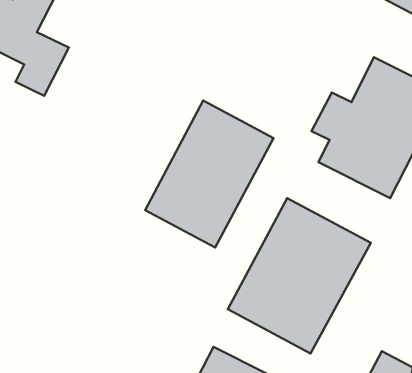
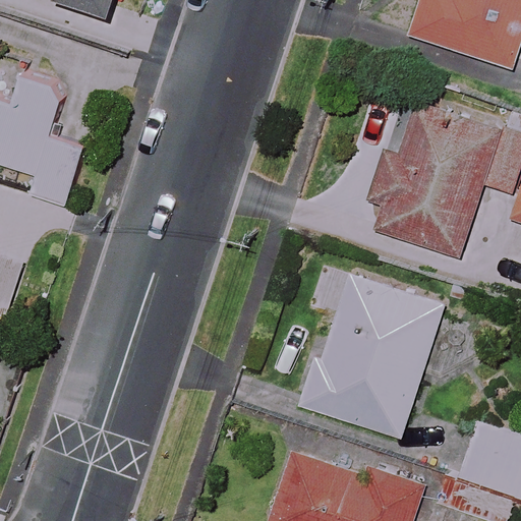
building: [145,100,274,247] -> none

